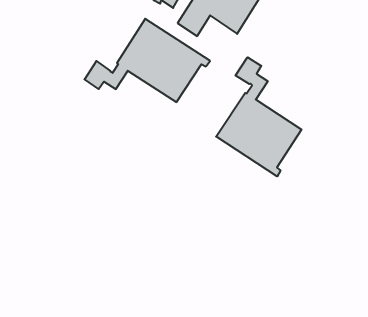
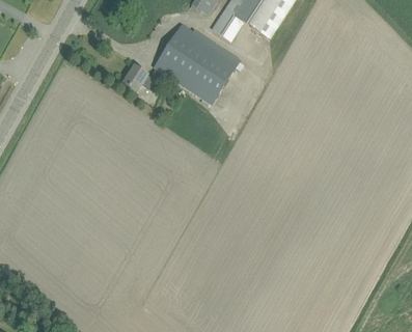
building: [216,57,301,176] -> none

